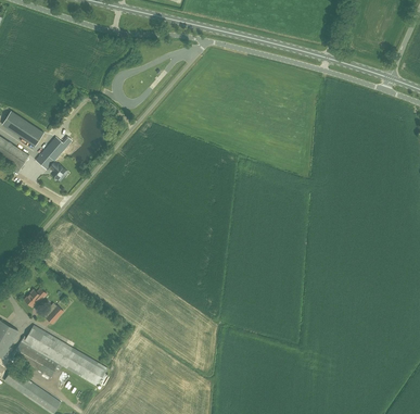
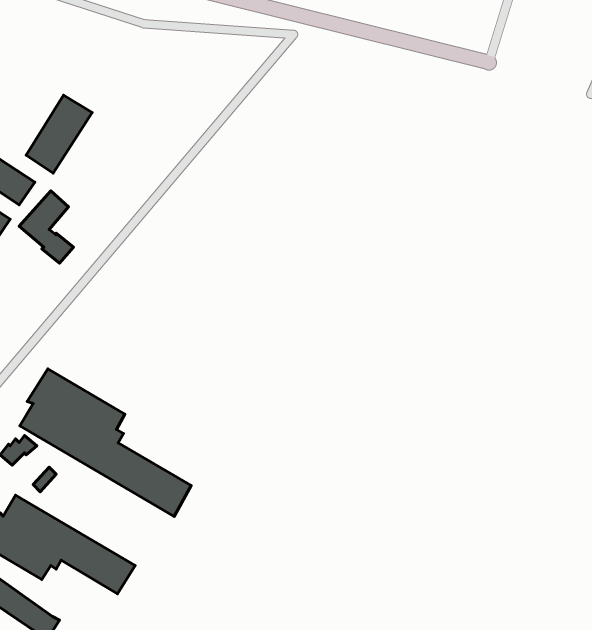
building: none -> [26,95,92,173]
building: none -> [20,369,191,516]

